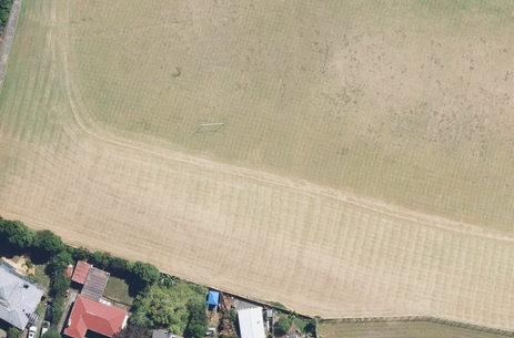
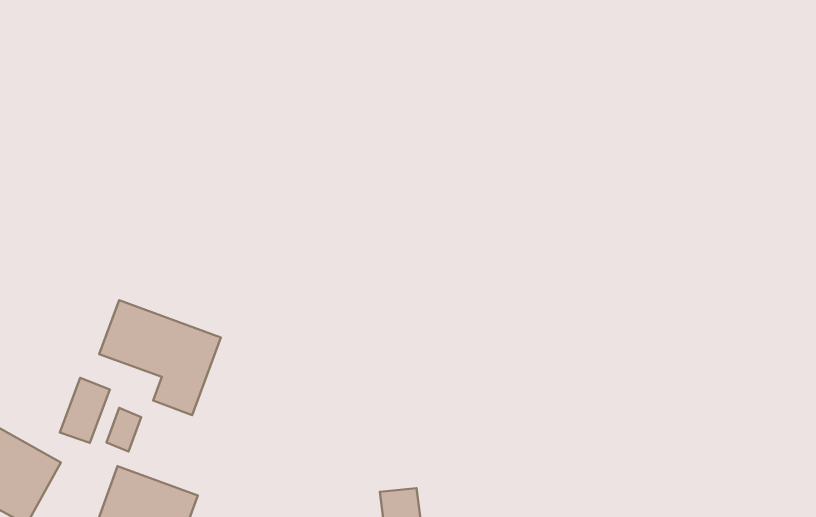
building: none -> [99,300,221,415]
building: none -> [60,378,110,443]

